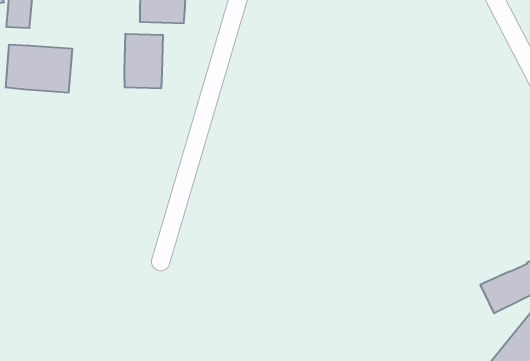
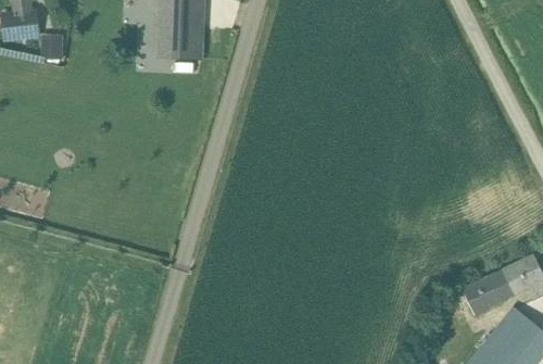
building: [125,34,163,88] -> none
building: [6,45,72,93] -> none

